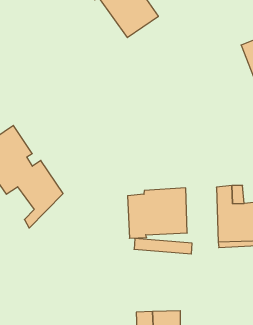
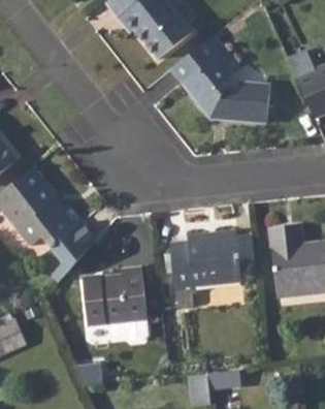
building: none -> [168,36,267,122]
building: none -> [82,264,147,338]

